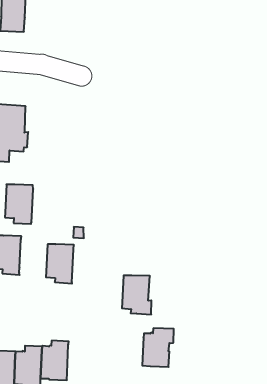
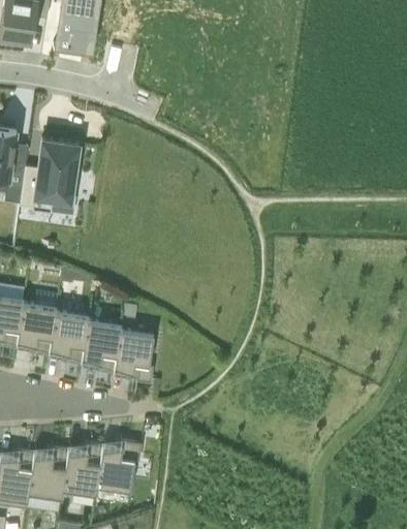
building: [5,184,33,224] -> [49,311,88,364]
building: [122,275,151,314] -> [114,330,153,382]
building: [142,328,174,367] -> [96,439,140,490]

